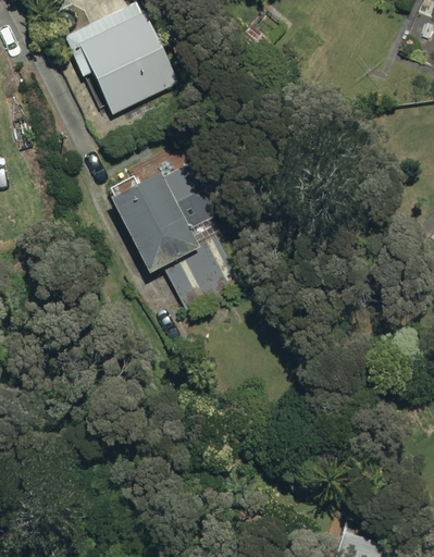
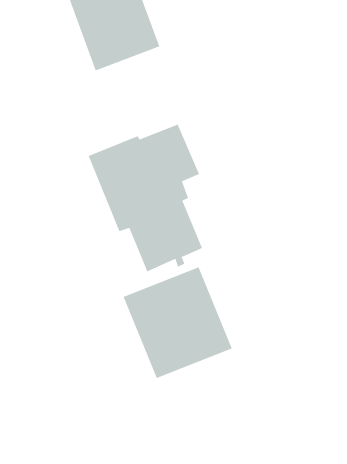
building: none -> [123,266,232,379]

